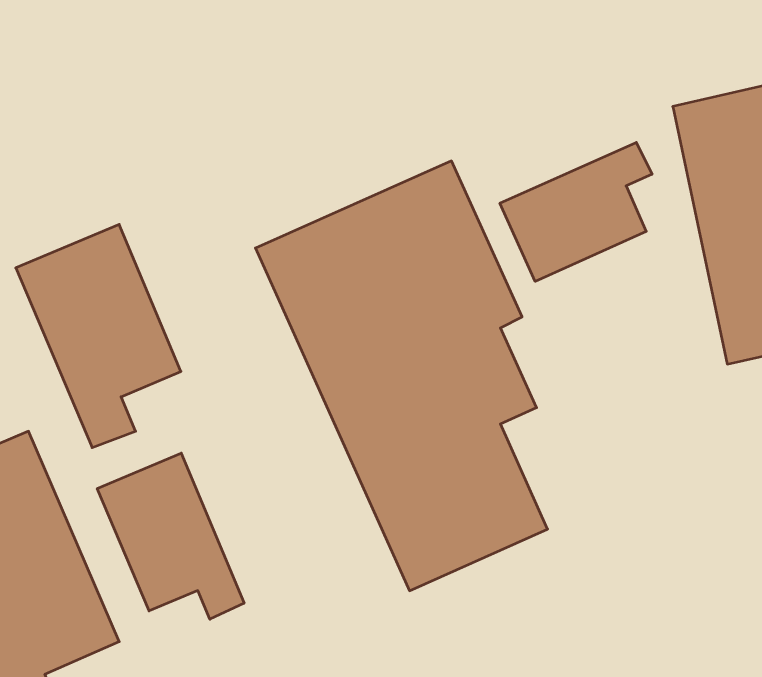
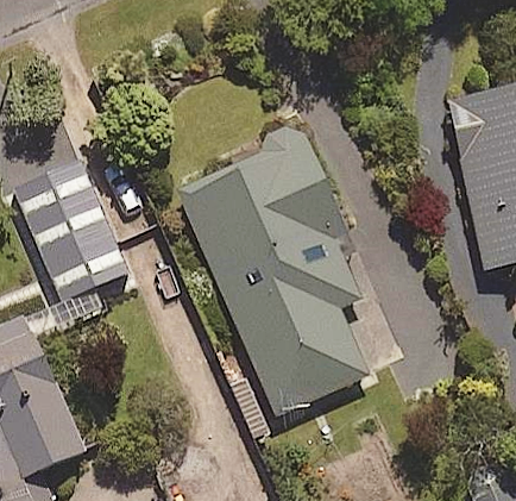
building: [500,142,652,281] -> none
building: [97,453,244,619] -> none

